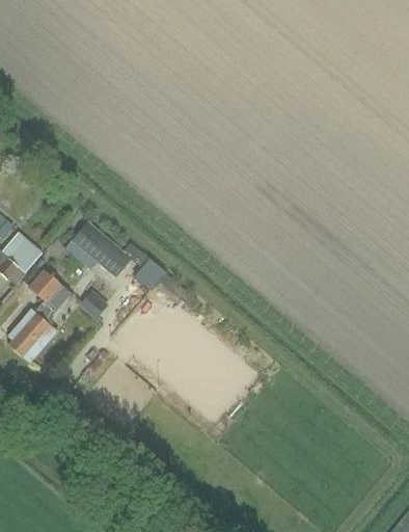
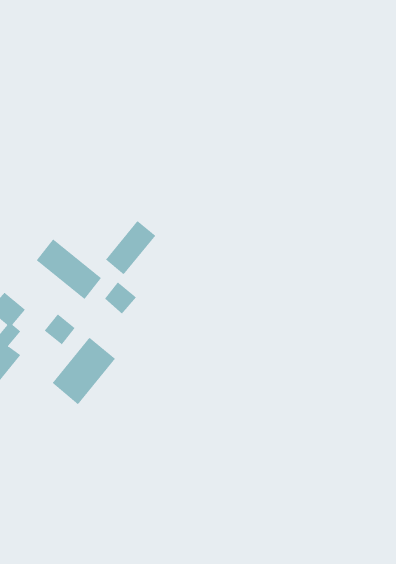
building: none -> [105,220,156,275]
building: none -> [52,337,116,405]

